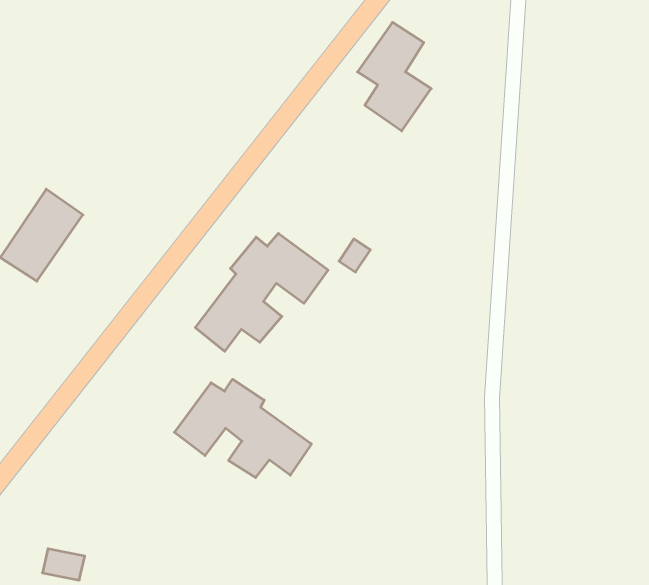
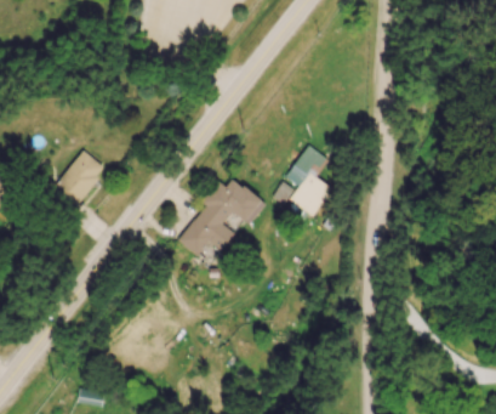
building: [357,22,431,131] -> [285,146,333,217]
building: [174,379,311,478] -> none

